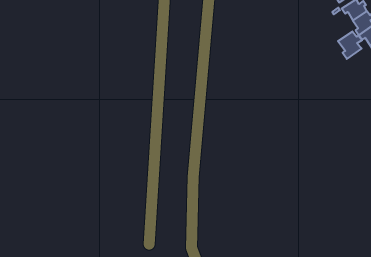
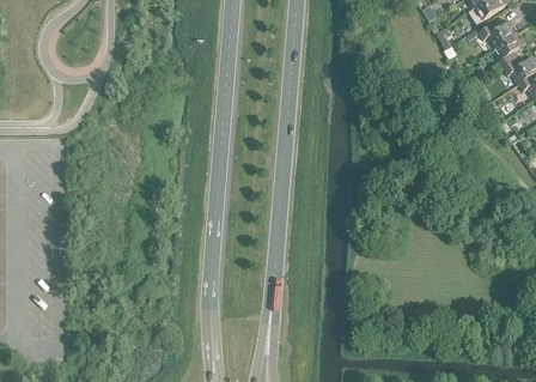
building: [338,31,362,59] -> none

